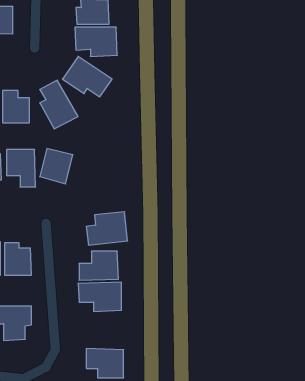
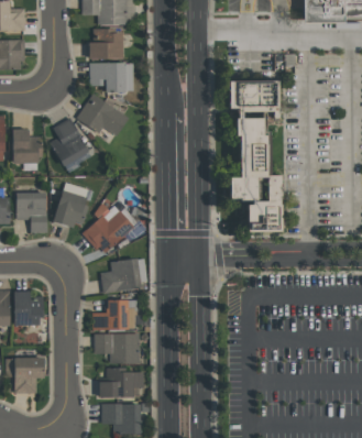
building: none -> [227,81,279,232]
building: none -> [81,202,133,254]
building: none -> [100,366,145,396]

